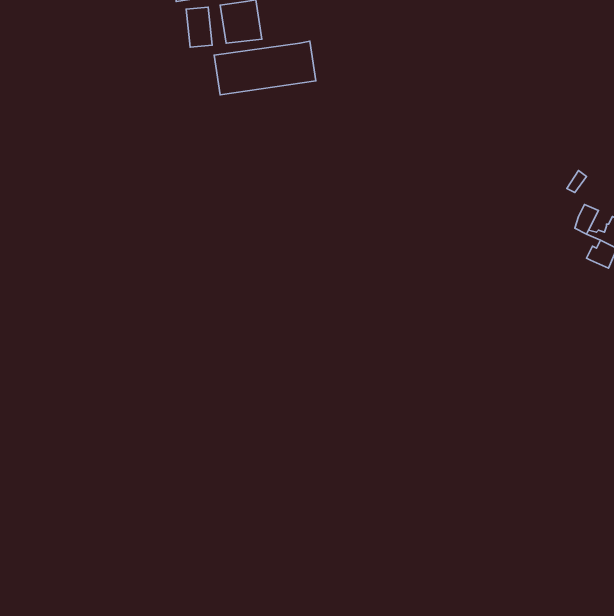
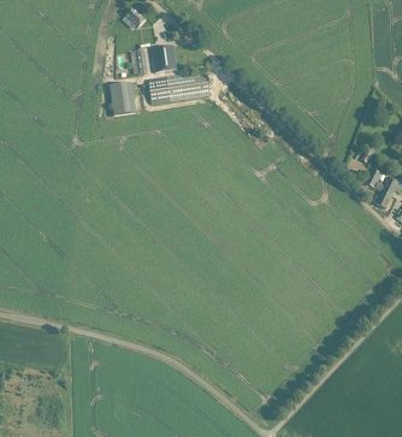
building: none -> [108,81,136,114]

